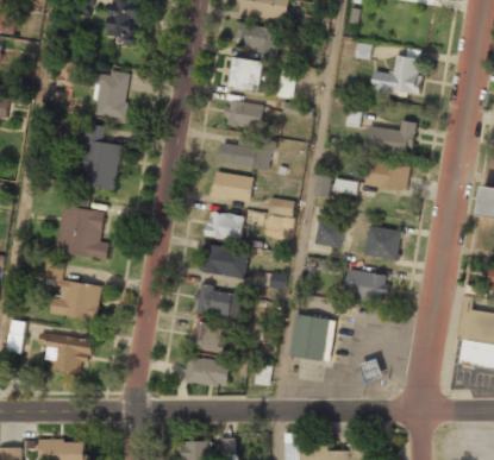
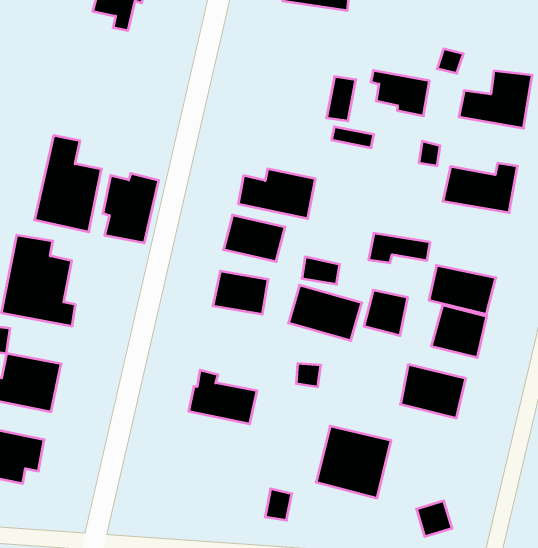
building: [237,24,279,53] -> [371,70,429,116]
building: [230,58,264,92] -> none
building: [92,70,130,119] -> [103,173,159,243]
building: [225,100,262,128] -> none
building: [364,159,411,191] -> [429,265,496,314]
building: [198,242,249,279] -> [288,285,362,341]
building: [192,323,229,353] -> none
building: [185,355,230,387] -> none

